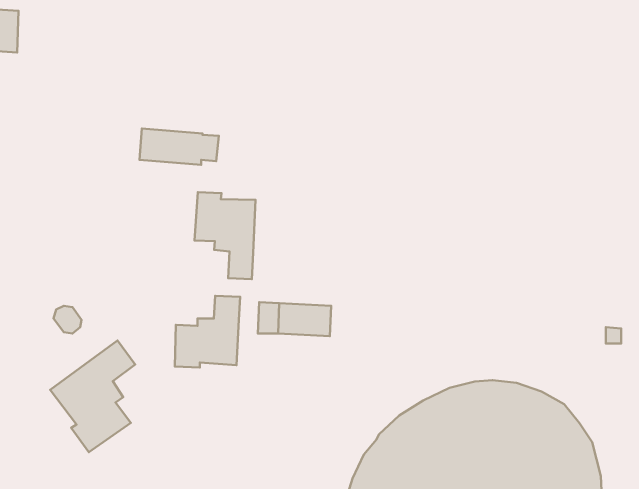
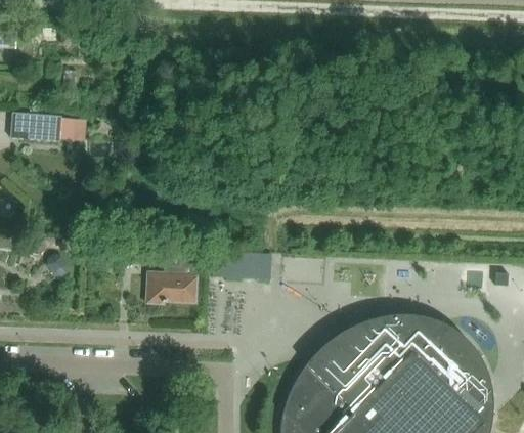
building: [139,128,219,165] -> [8,115,73,144]
building: [195,192,255,279] -> none
building: [50,340,135,452] -> none

